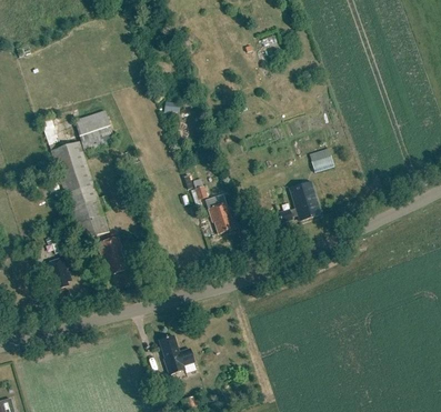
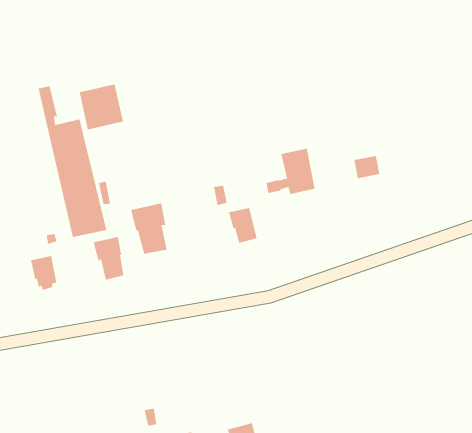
building: [279,180,321,221] -> [266,148,316,194]
building: none -> [131,203,167,254]
building: [158,334,193,373] -> none

